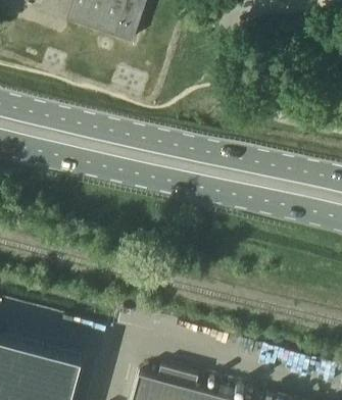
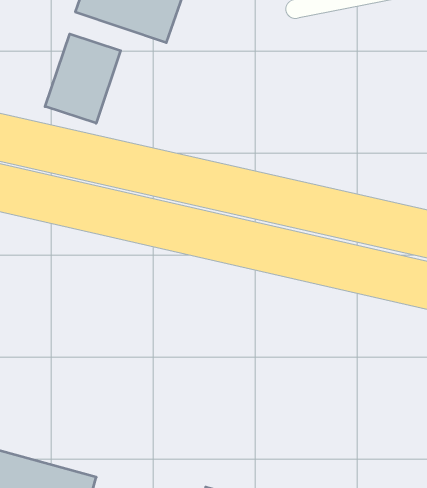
building: none -> [45,34,121,123]

